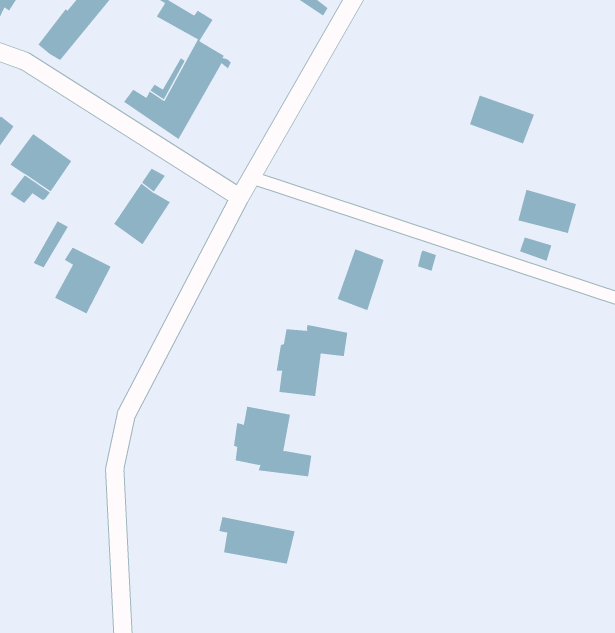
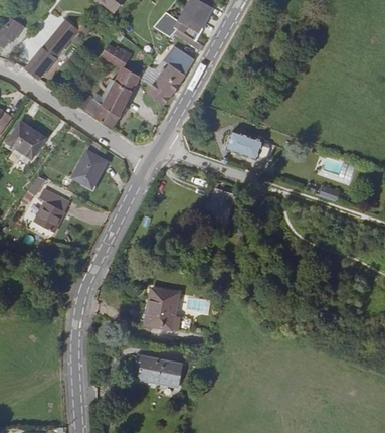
building: none -> [142,46,195,103]
building: [469,95,535,144] -> [224,128,264,158]
building: [276,324,348,397] -> none

